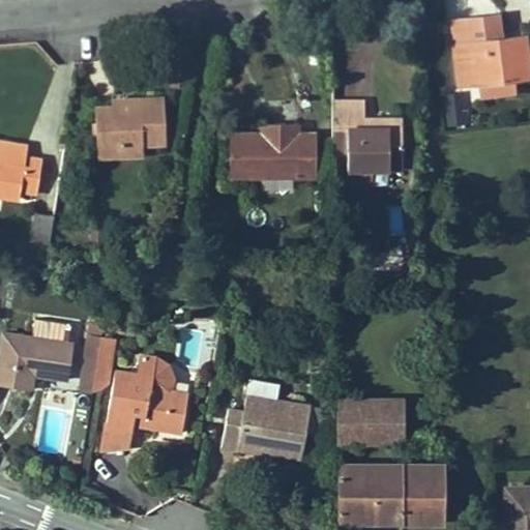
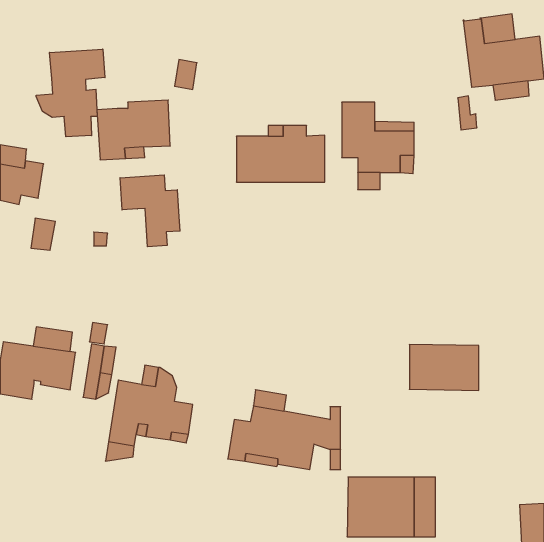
building: none -> [36,49,105,137]
building: none -> [120,175,180,247]
building: [337,400,405,444] -> [409,345,479,390]
building: [423,466,445,524] -> none

